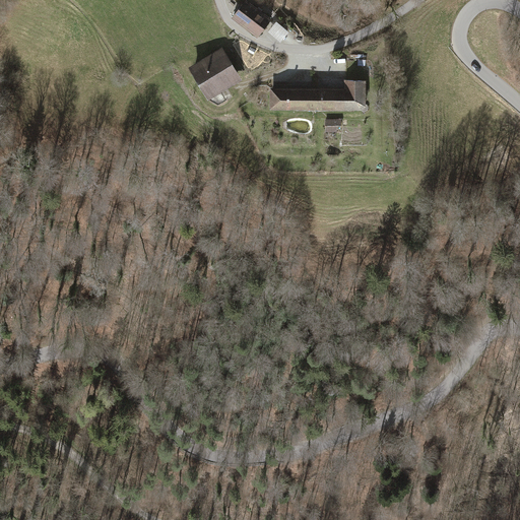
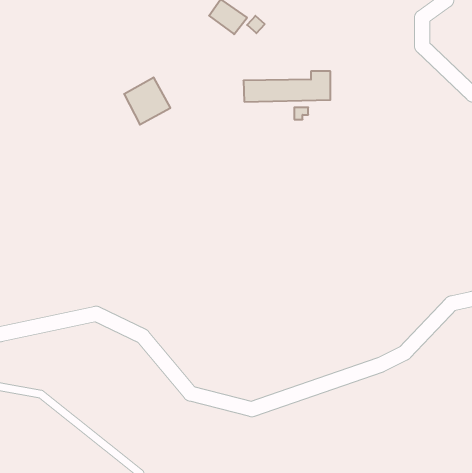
building: [189,48,240,100] -> [124,77,170,125]

